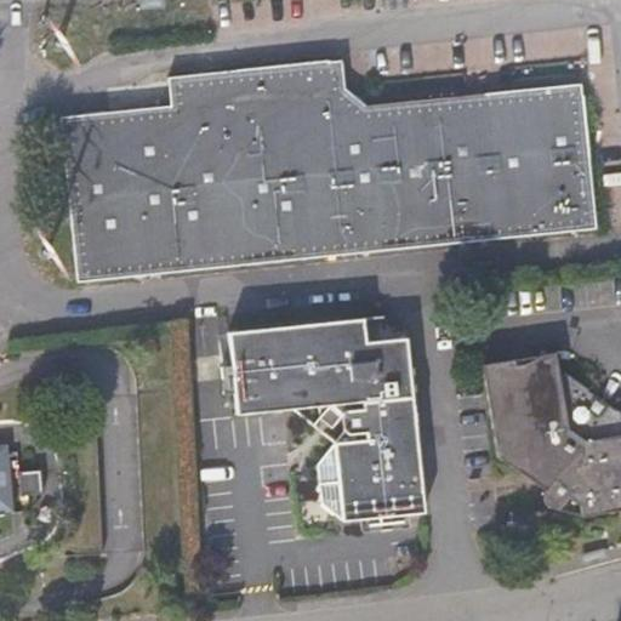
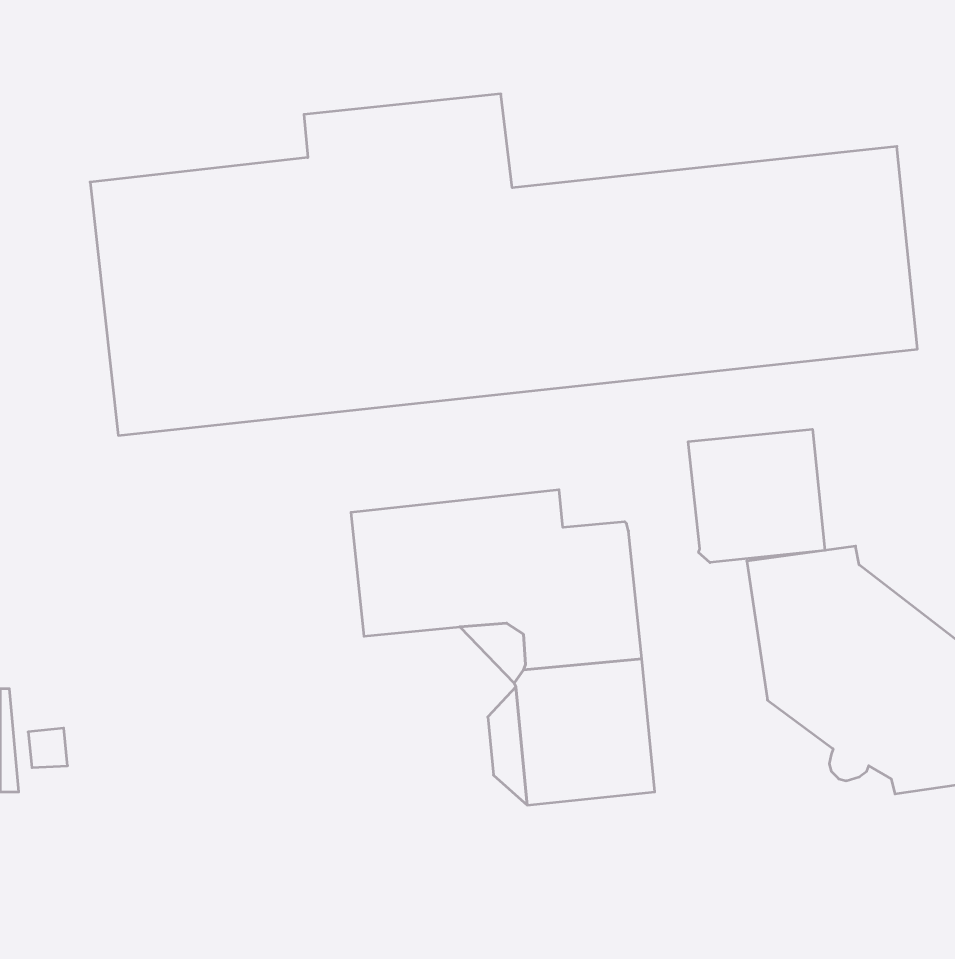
building: [326,59,582,121] -> none
building: none -> [688,429,825,563]

